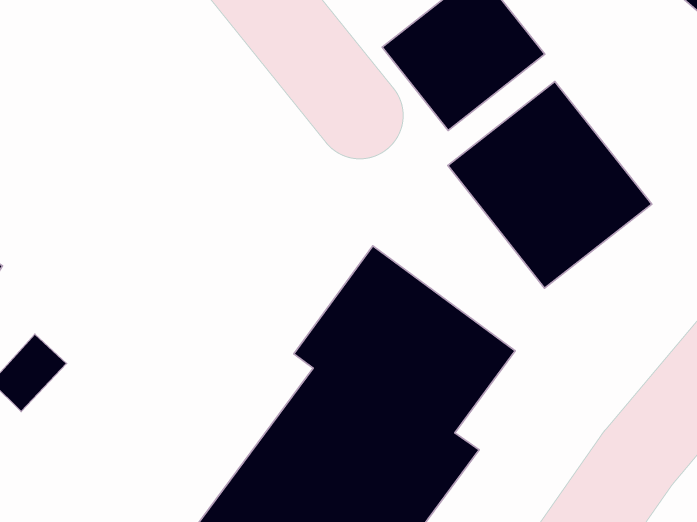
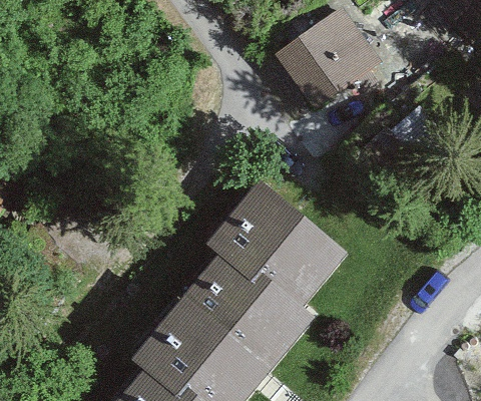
building: [448,81,652,288] -> none

